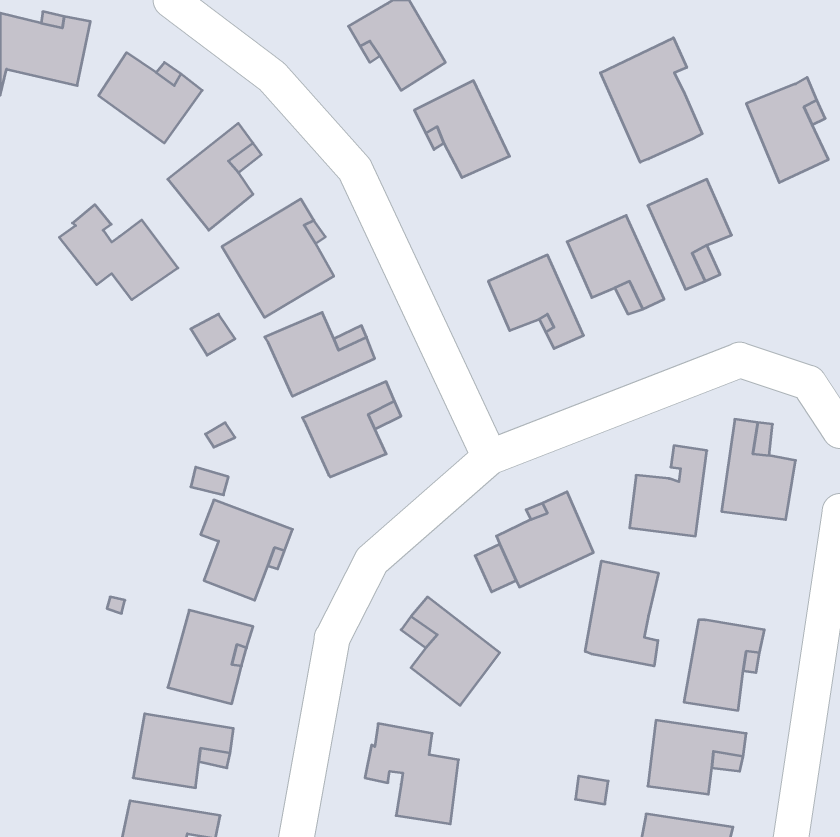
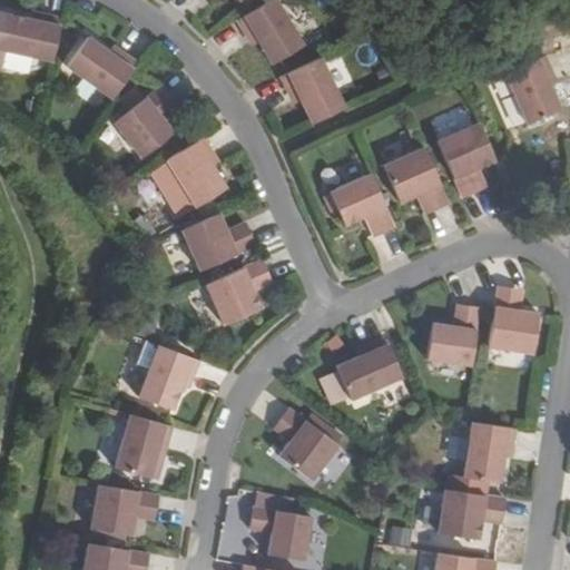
building: [600,38,702,162] -> none
building: [59,205,178,300] -> none
building: [585,561,658,666] -> none

